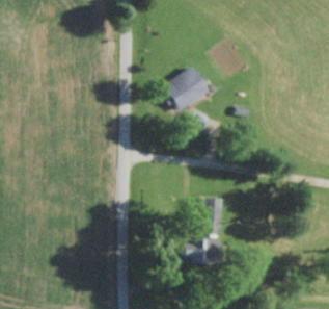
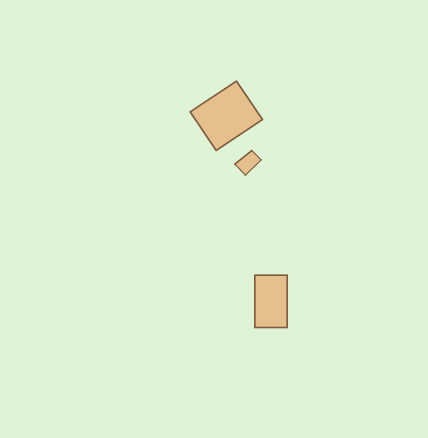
building: [175,240,222,261] -> none

